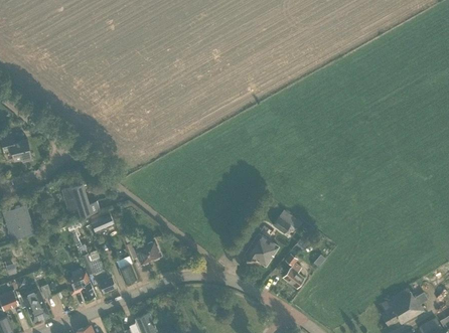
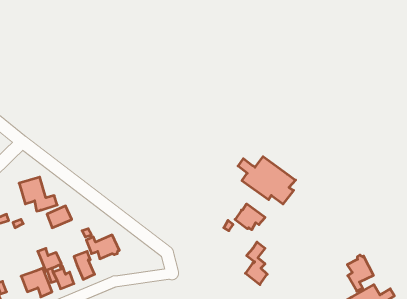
building: none -> [238,157,296,204]
building: [246,232,279,266] -> none
building: none -> [347,255,373,291]

